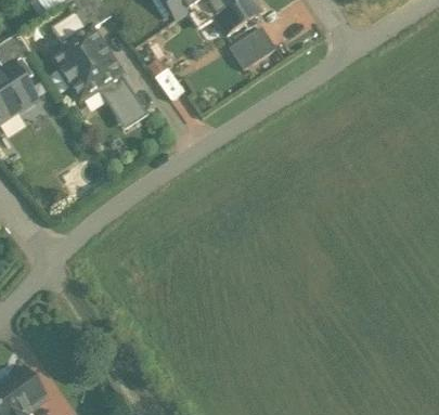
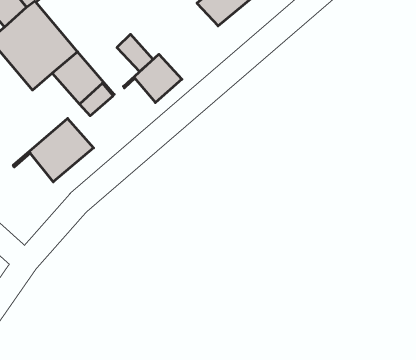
building: none -> [123,54,182,103]
building: none -> [13,118,94,182]

